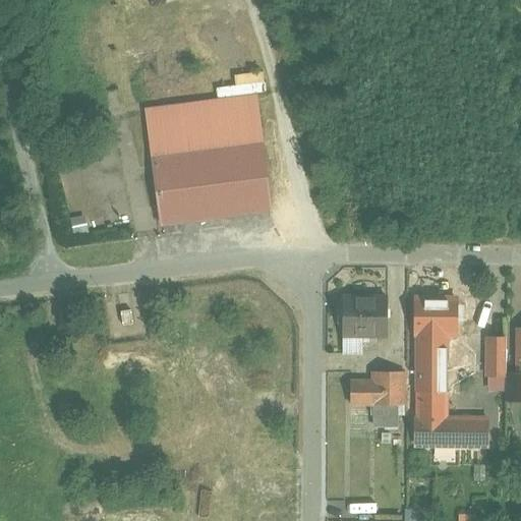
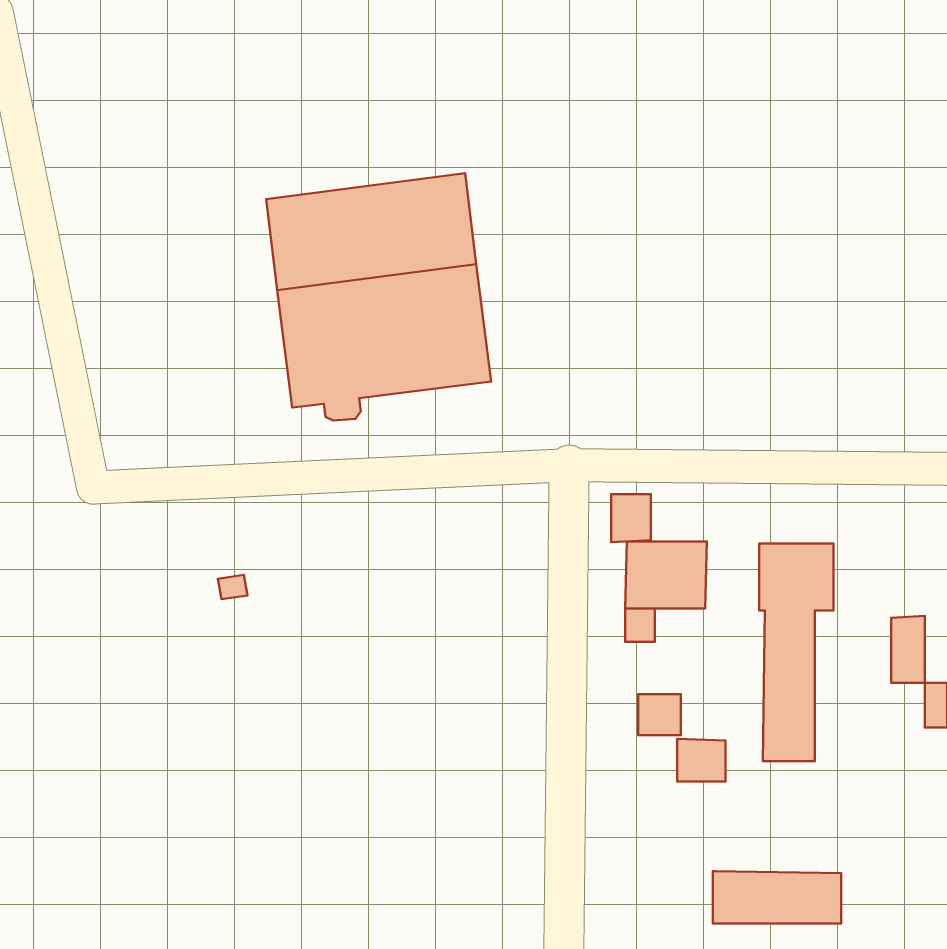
building: none -> [611,494,651,542]
building: [372,370,404,403] -> none
building: [416,416,486,445] -> [713,871,841,923]

